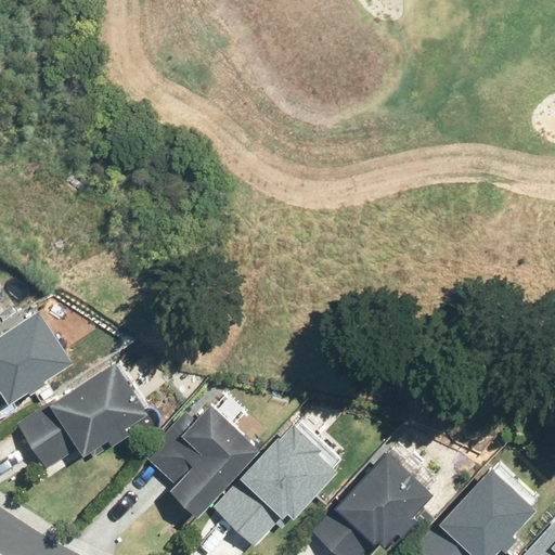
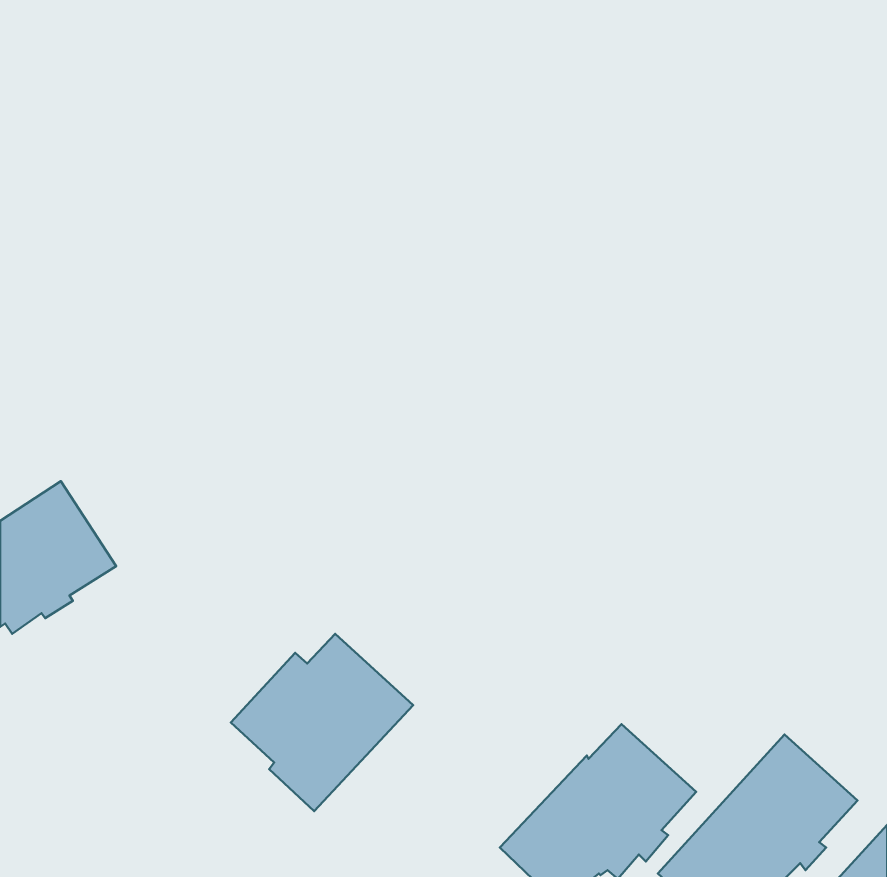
building: [20,365,151,477] -> none
building: [214,420,336,546] -> none

